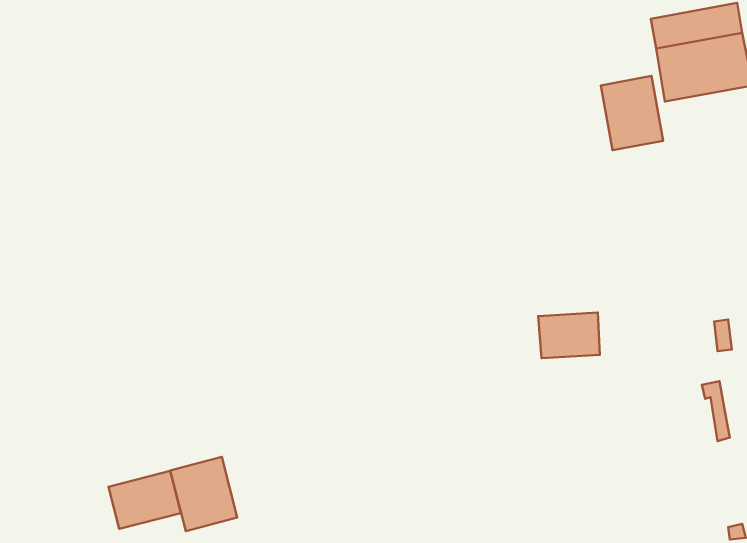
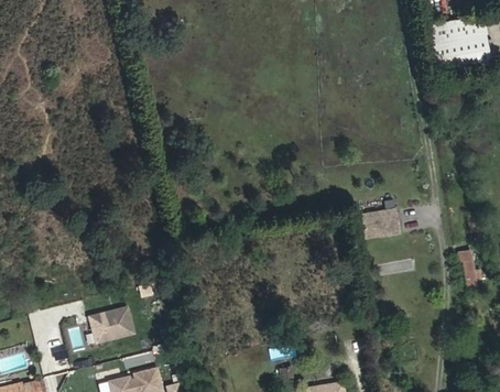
building: [601,76,663,150] -> none
building: [170,457,237,531] -> none

